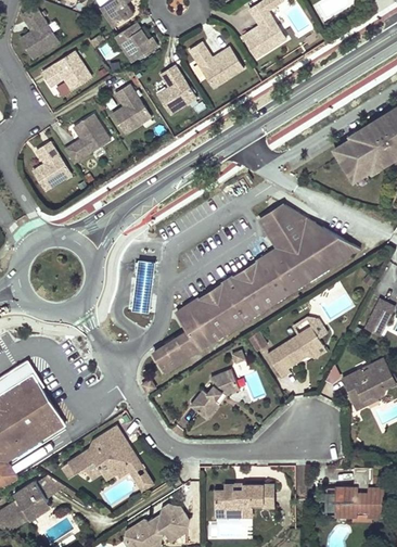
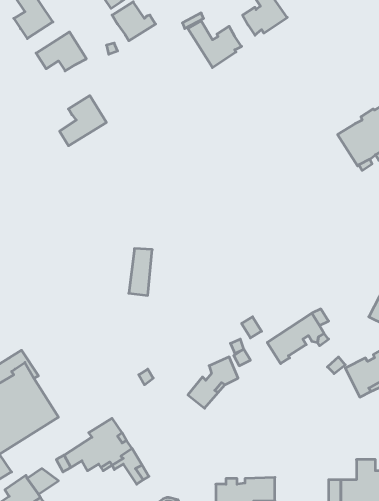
building: [156,63,195,112] -> none
building: [111,82,149,131] -> none
building: [31,141,69,189] -> none
building: [153,205,358,371] -> none

